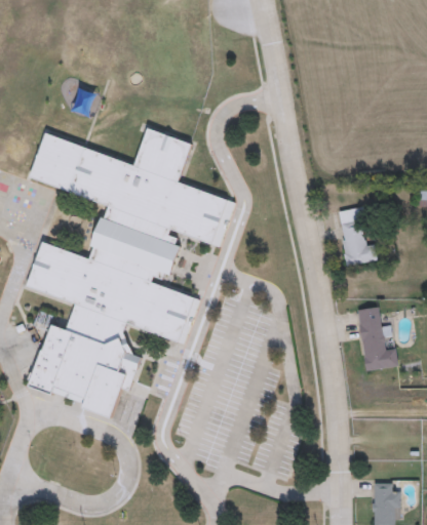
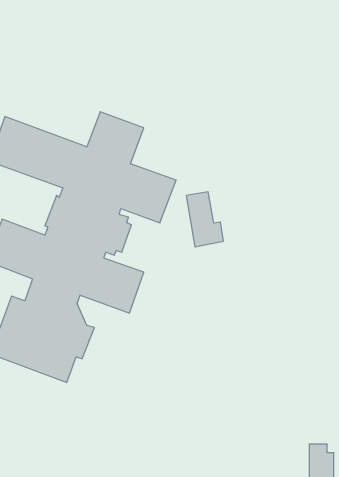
building: [338,208,378,268] -> [186,192,223,247]
building: [358,308,399,371] -> none

